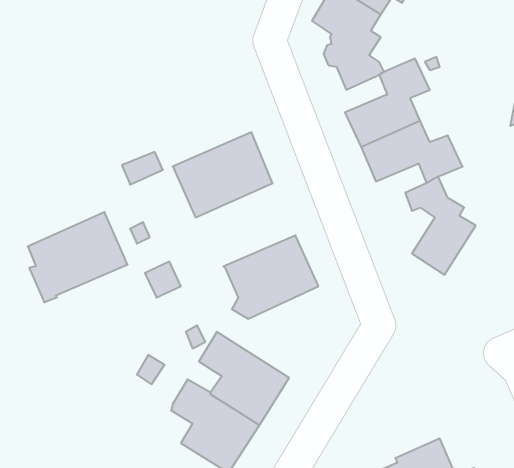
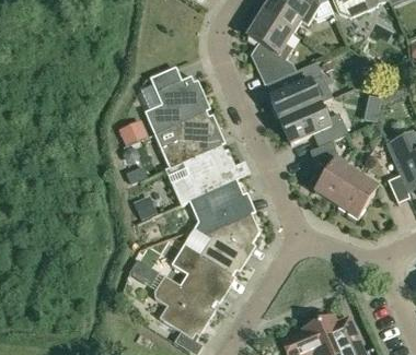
building: none -> [145,75,207,133]
building: [28,212,128,302] -> [170,144,236,204]
building: none -> [336,173,378,218]
building: none -> [184,213,259,274]

